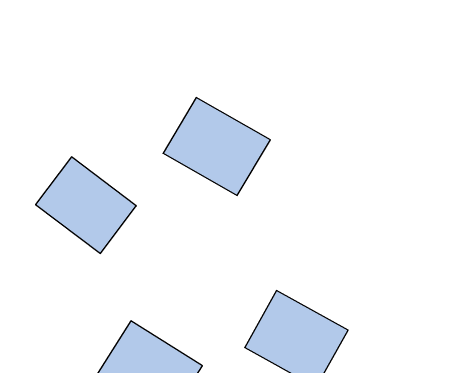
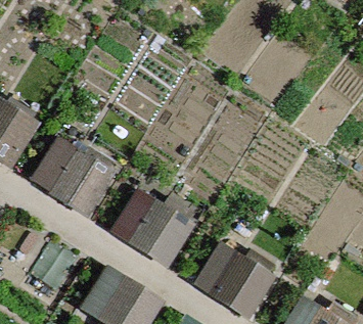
building: [163,98,270,195] -> [110,188,193,264]

